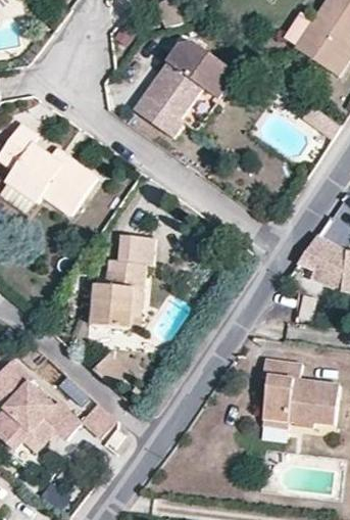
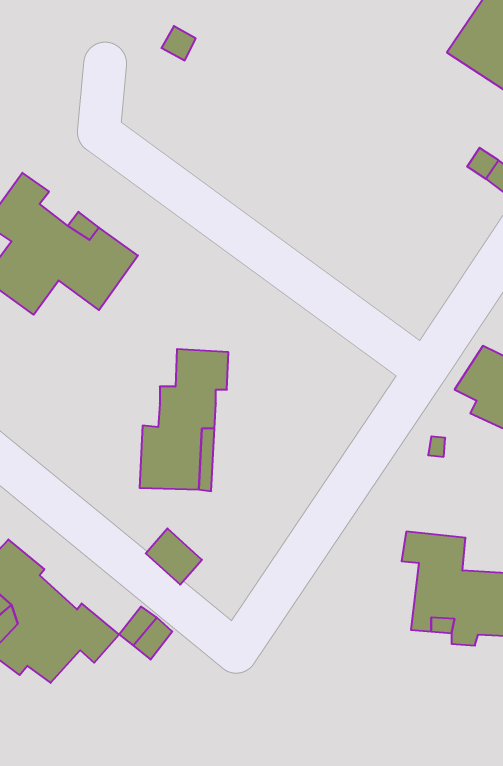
building: [135,41,234,133] -> none

